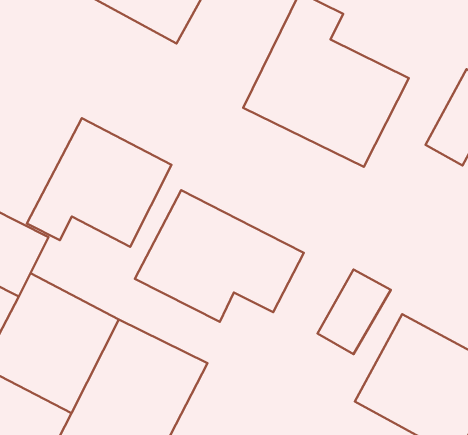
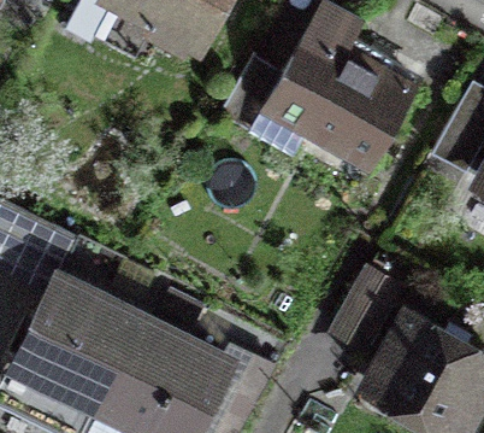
building: [27,118,172,247] -> none
building: [135,190,304,322] -> none

